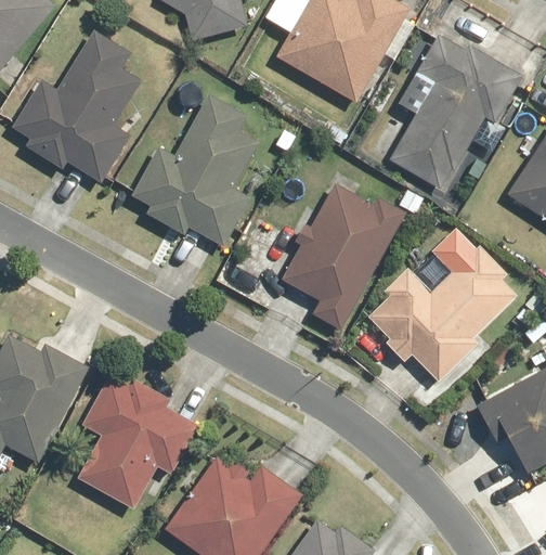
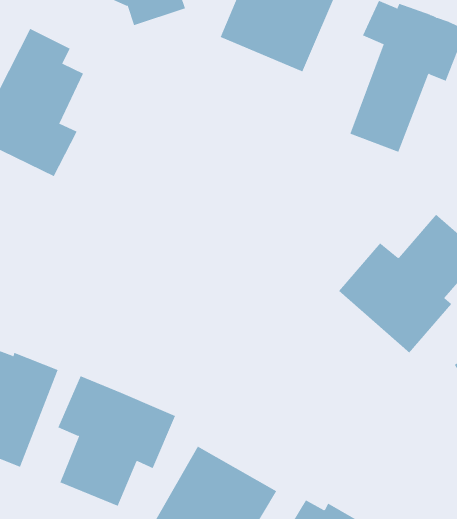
building: [133,92,258,246] -> none
building: [281,182,407,330] -> none

